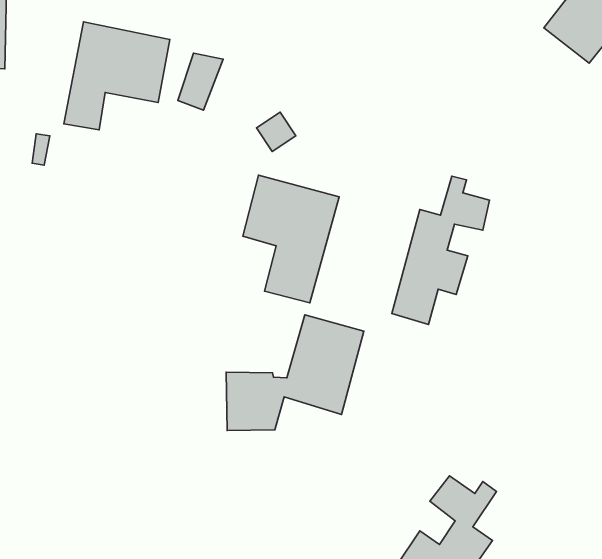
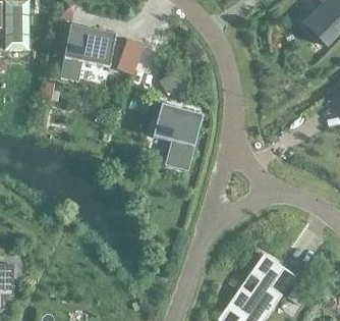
building: [392,176,490,324] -> none
building: [226,315,364,430] -> none

